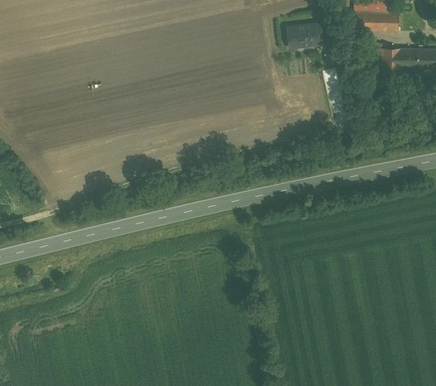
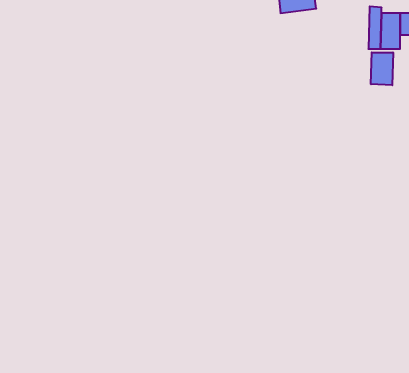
building: none -> [371,52,393,85]

